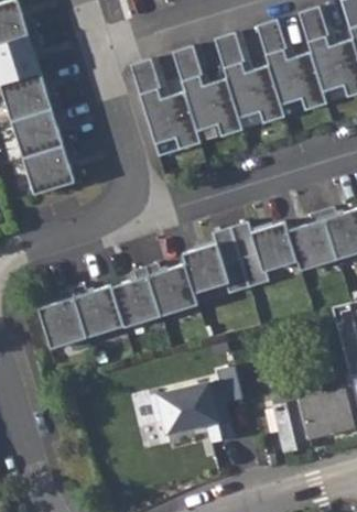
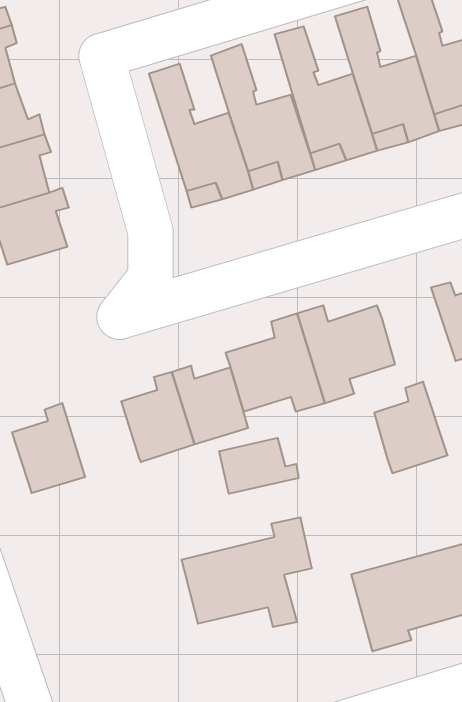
building: [288,209,337,271] -> [374,382,448,473]
building: [72,284,123,337] -> none
building: none -> [219,438,298,494]

